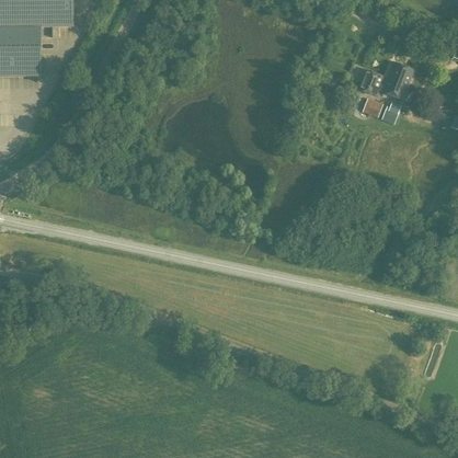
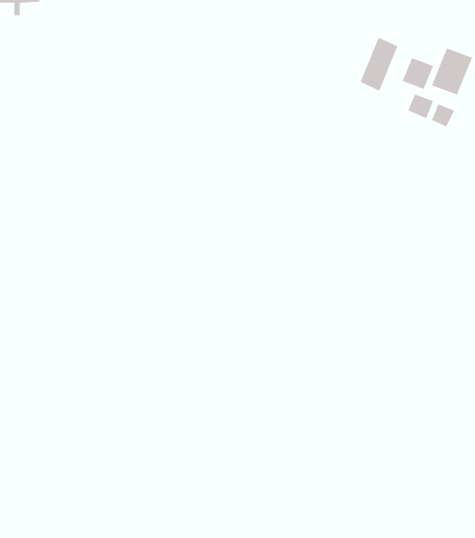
building: none -> [360,37,398,91]

